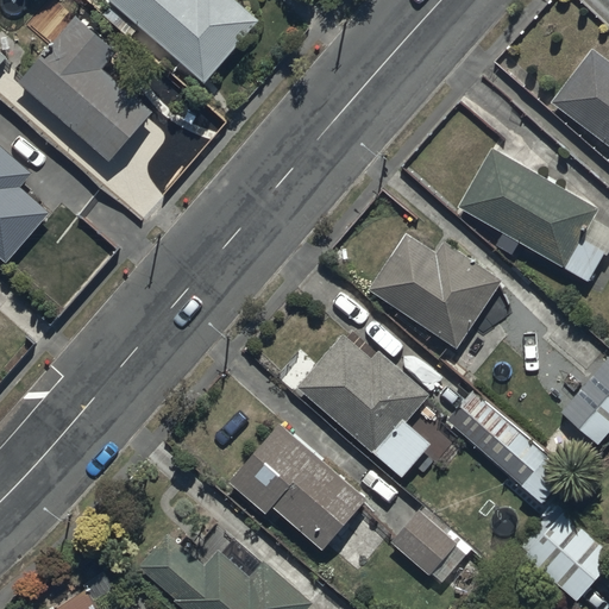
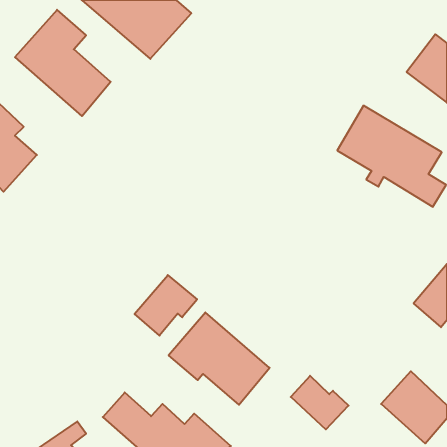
building: [368,233,502,350] -> none
building: [295,333,433,495] -> none
building: none -> [135,275,197,336]
building: [448,393,570,504] -> none

